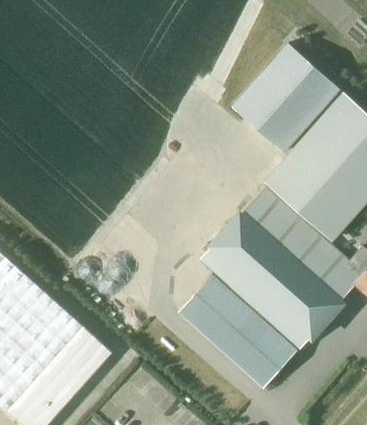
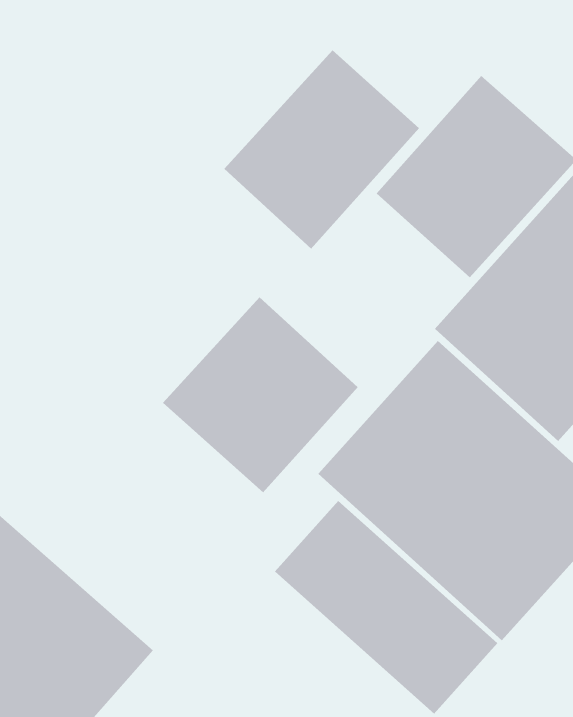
building: none -> [224,49,420,249]
building: none -> [162,296,358,493]

